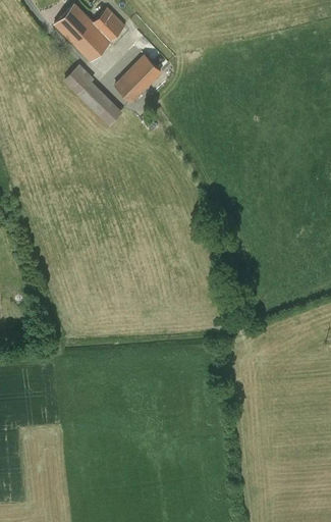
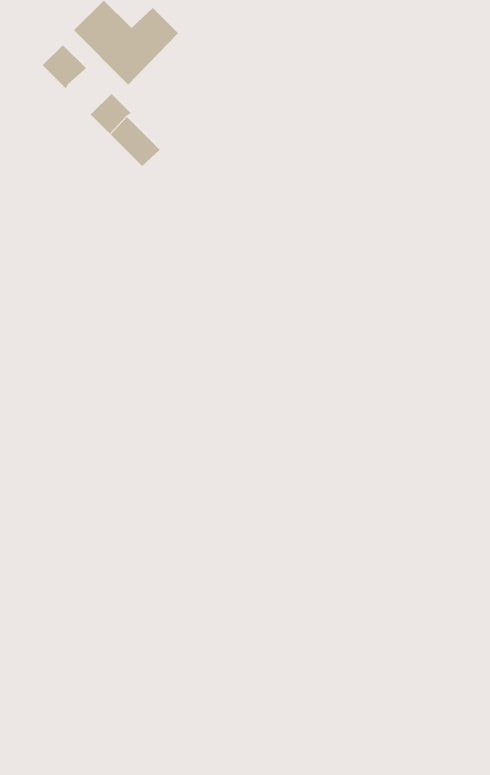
building: none -> [42,44,87,89]
building: [115,56,161,102] -> none

